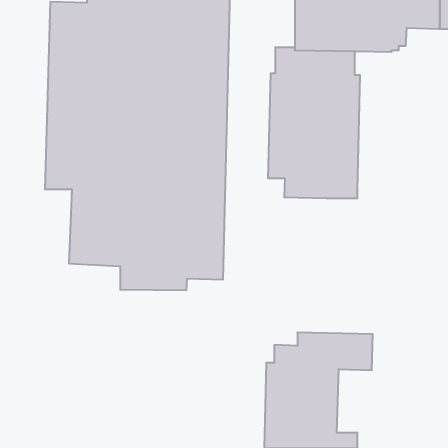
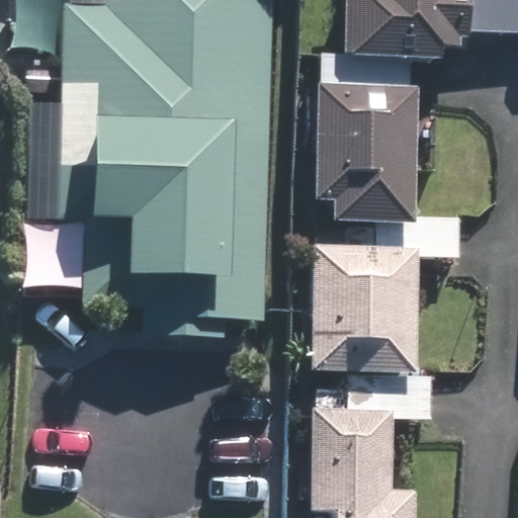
building: none -> [312,214,462,372]

